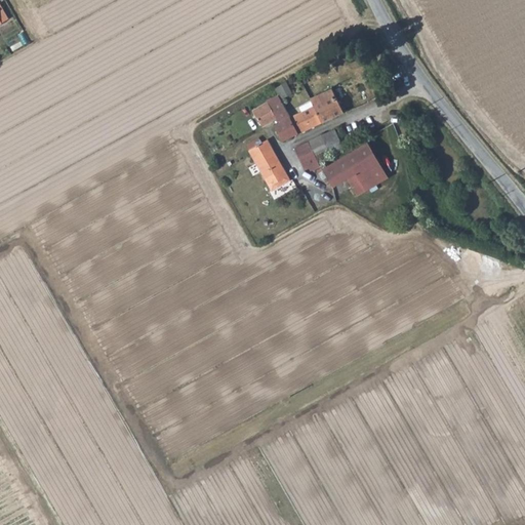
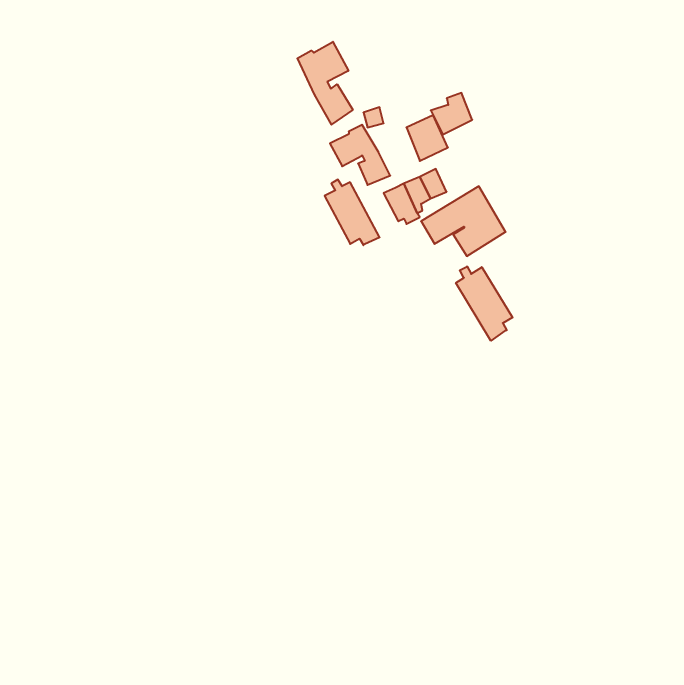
building: none -> [297,42,353,125]
building: [289,103,321,134] -> [431,93,472,134]
building: none -> [456,266,513,341]

